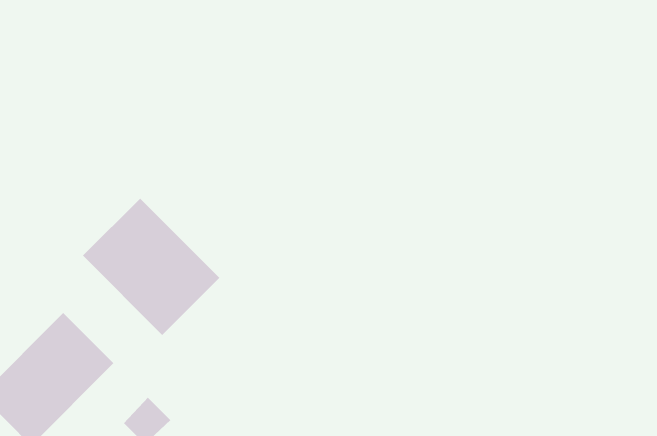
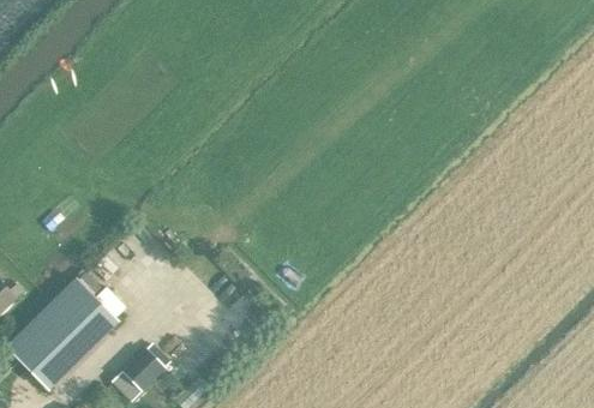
building: [82,198,220,336] -> none

